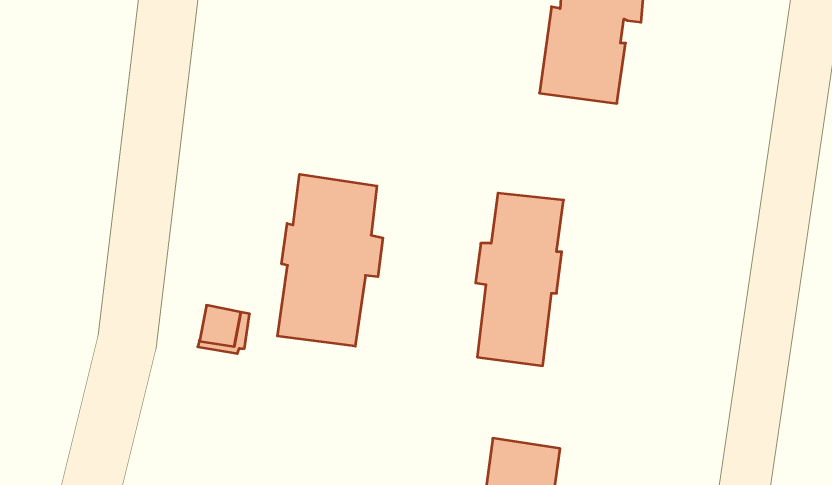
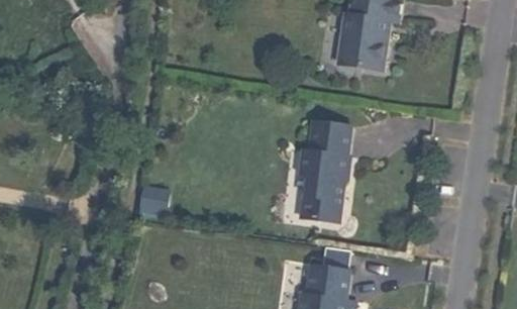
building: [277,174,383,346] -> none

